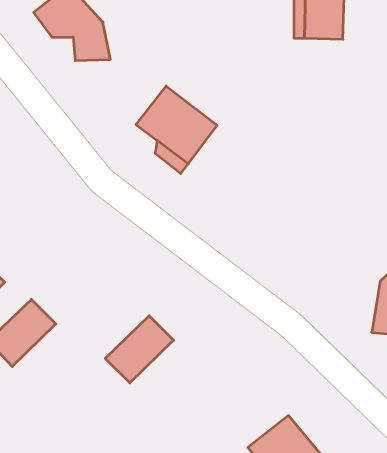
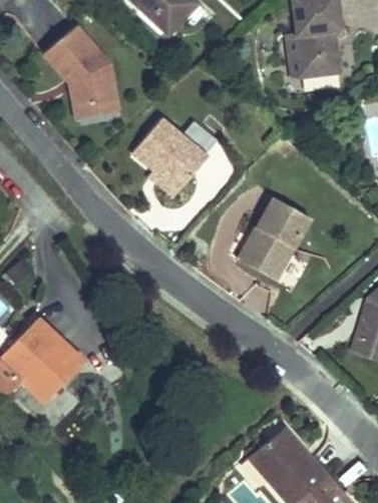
building: none -> [59,74,116,114]
building: none -> [239,195,316,287]
building: [105,316,174,383] -> [22,344,86,407]

